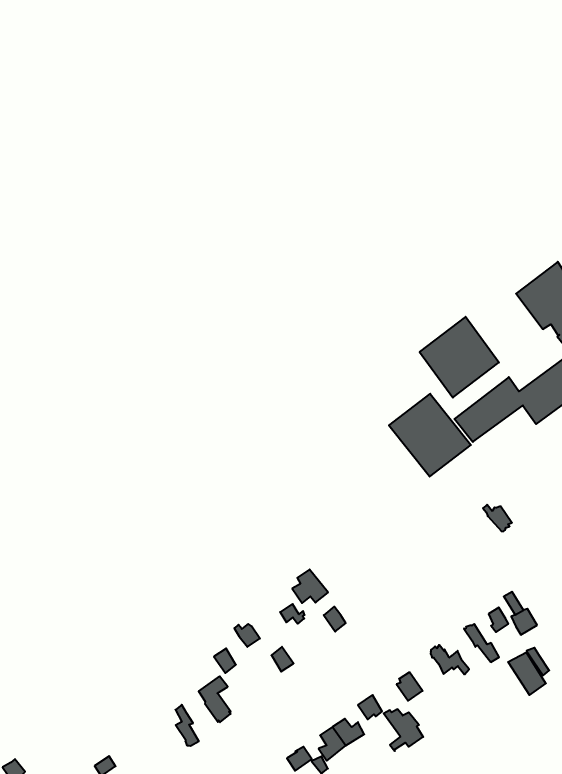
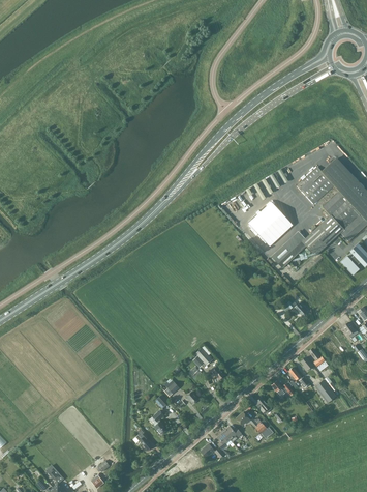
building: [389,394,471,477] -> none

